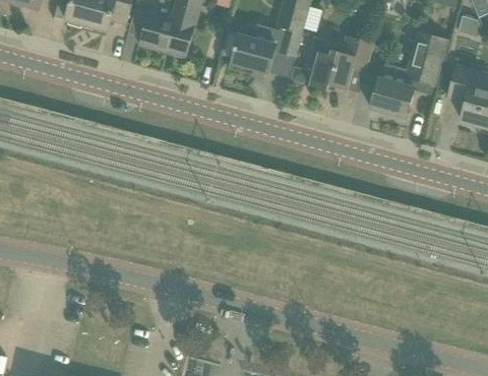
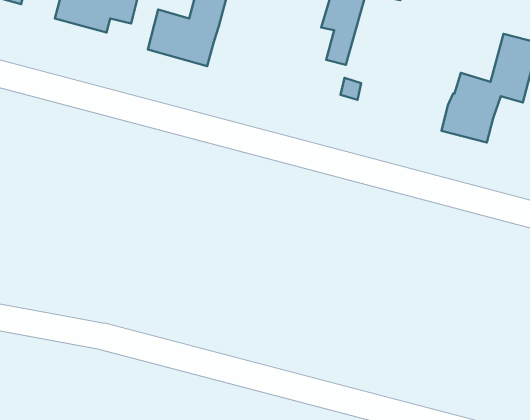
building: [230,25,285,75] -> none
building: [304,38,372,91] -> none

